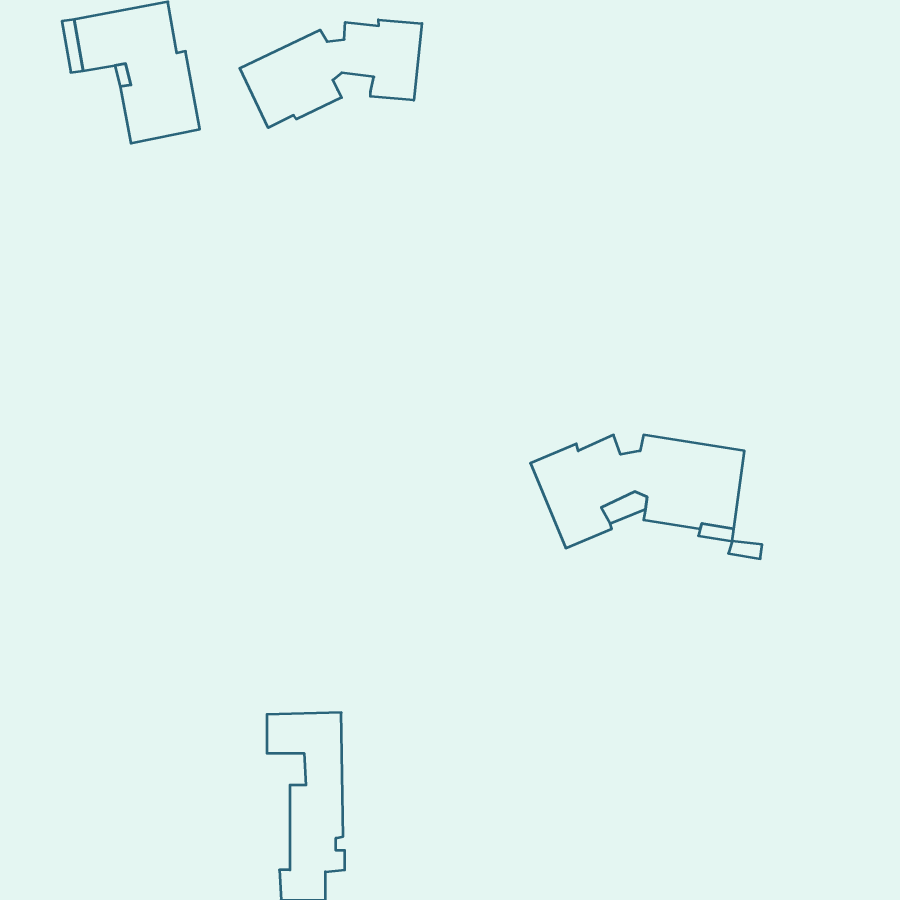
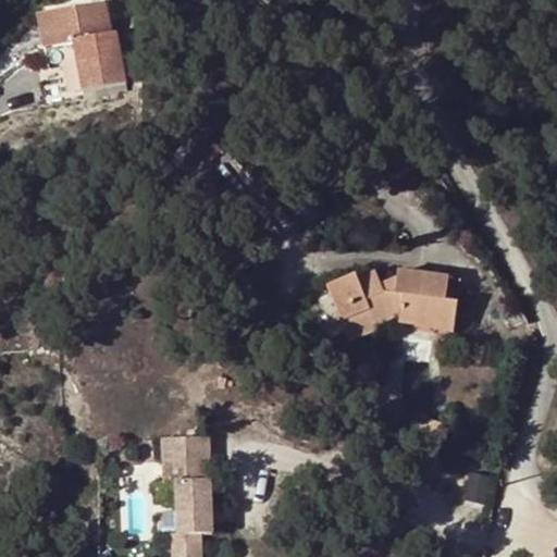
building: [240,20,422,128] -> none

